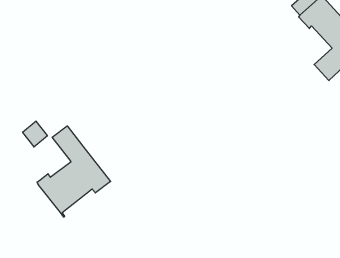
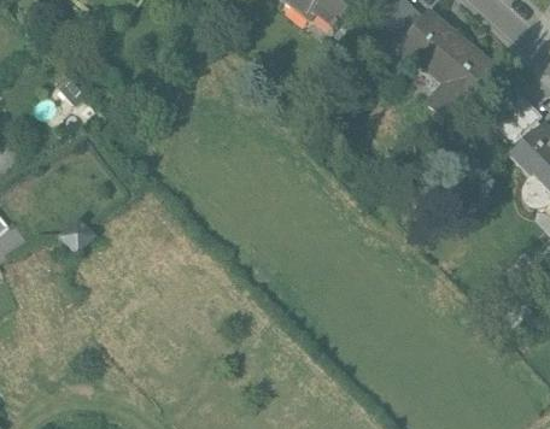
building: [37,126,111,217] -> none

